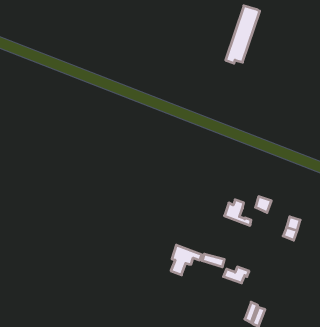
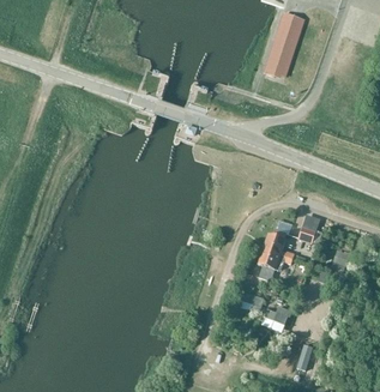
building: [171,245,202,275] -> [258,247,292,281]

